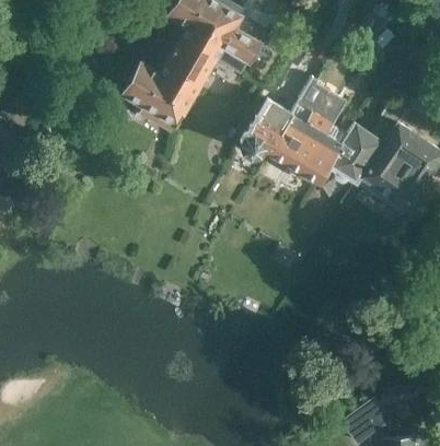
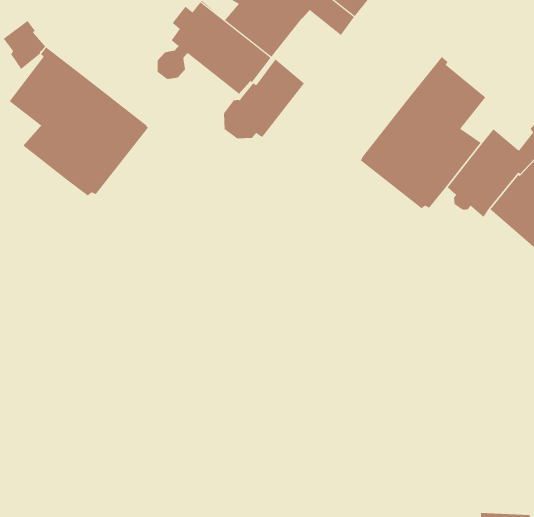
building: [238,98,291,157] -> [223,59,305,139]
building: none -> [9,47,148,197]

